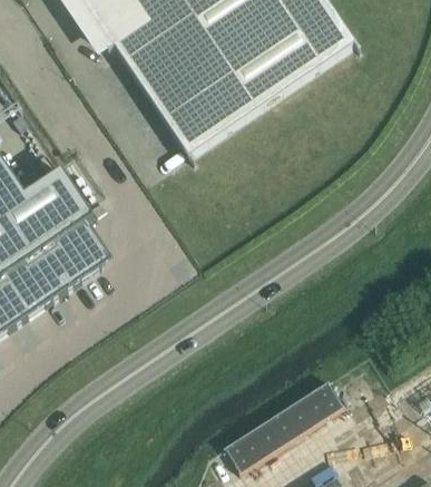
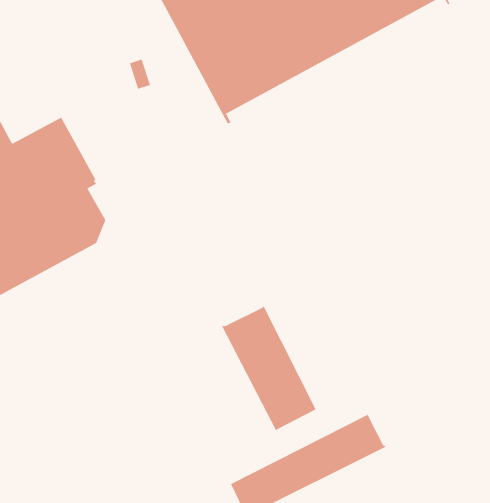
building: none -> [222,306,317,431]

